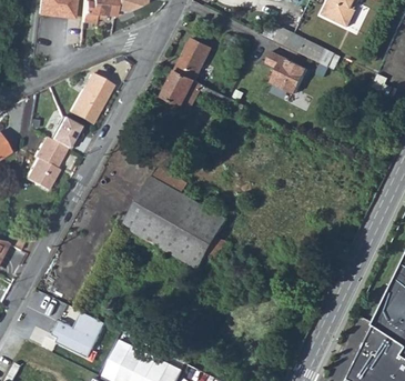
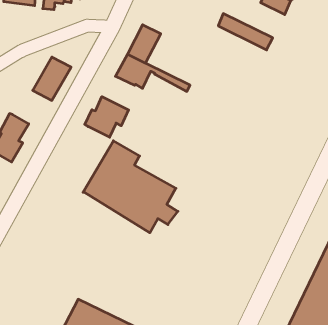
building: [267,52,308,94] -> none
building: [49,116,79,150] -> none
building: none -> [85,97,129,137]
building: [53,312,105,358] -> none

